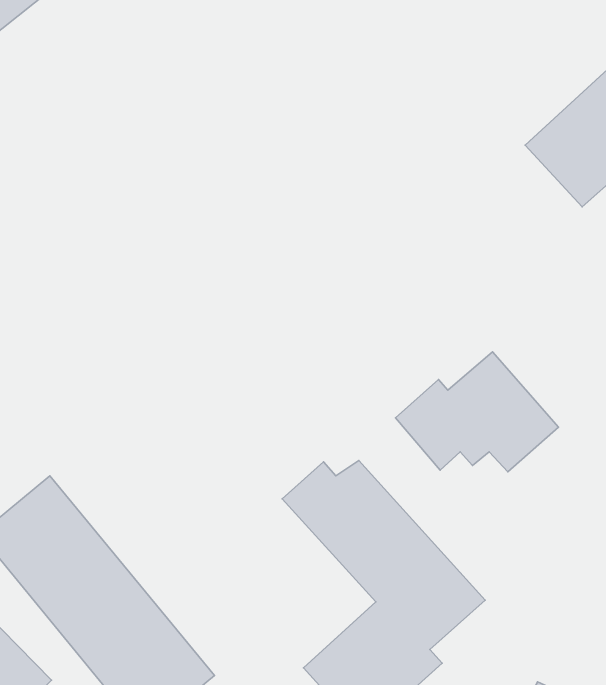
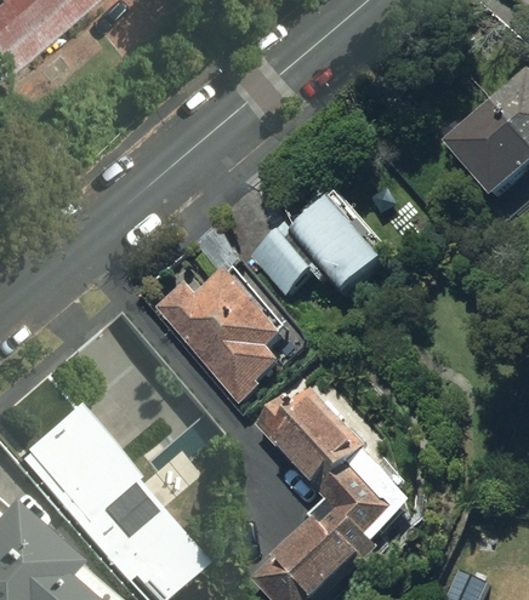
building: none -> [154,262,285,399]
building: [395,352,558,472] -> [251,198,380,292]

